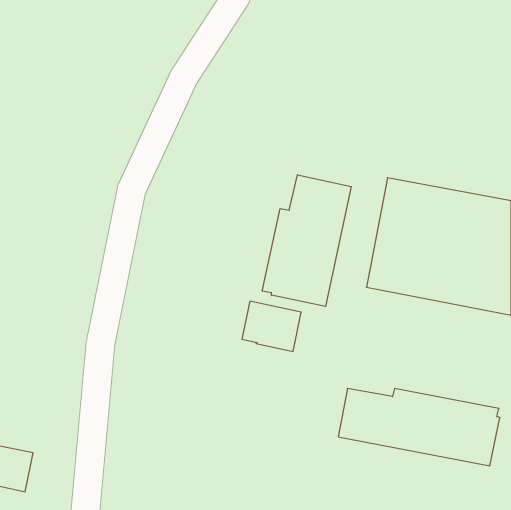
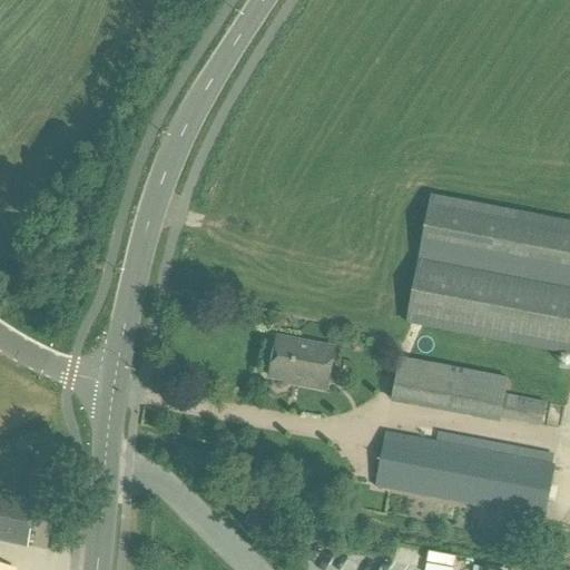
building: [262,175,351,306] -> none
building: none -> [392,356,546,424]

